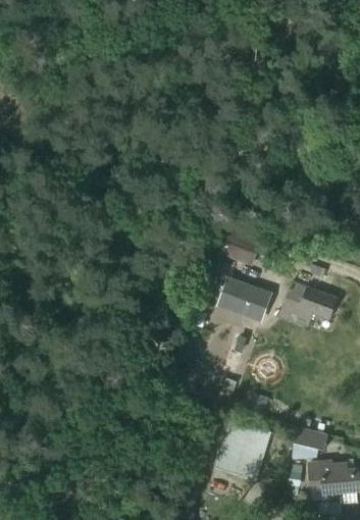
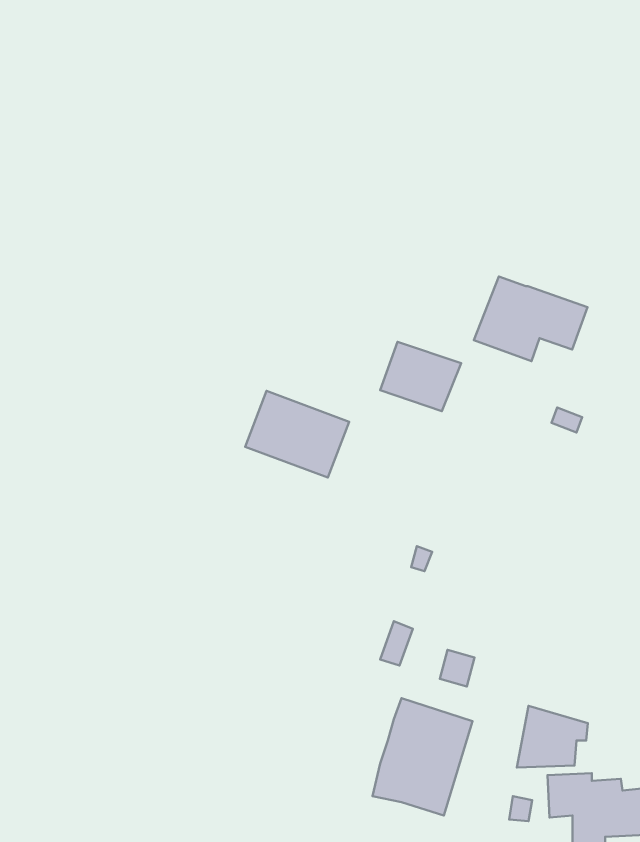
building: [216,276,271,322] -> [245,391,349,478]
building: [277,281,338,326] -> [474,276,587,361]

